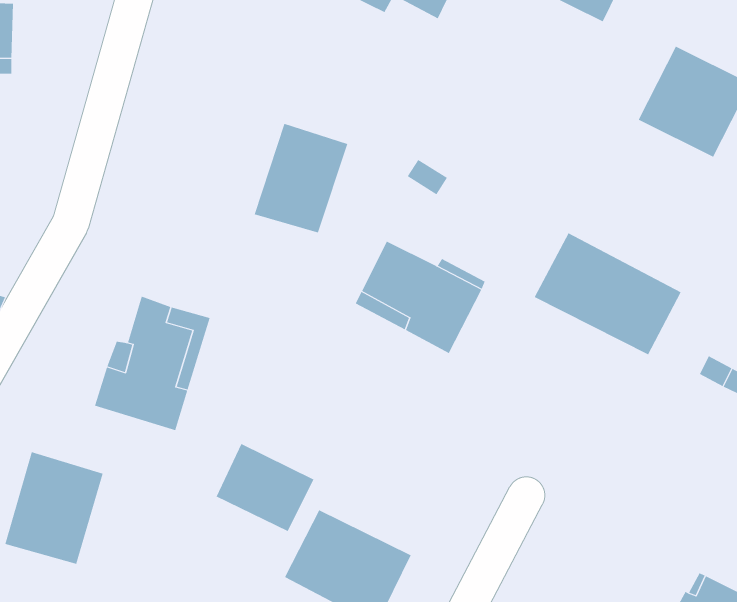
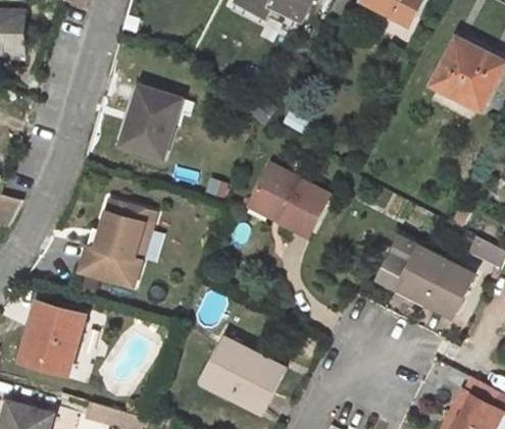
building: [254,123,348,233] -> [119,87,181,158]
building: [534,233,681,355] -> [376,237,472,317]
building: [216,443,314,532] -> none

